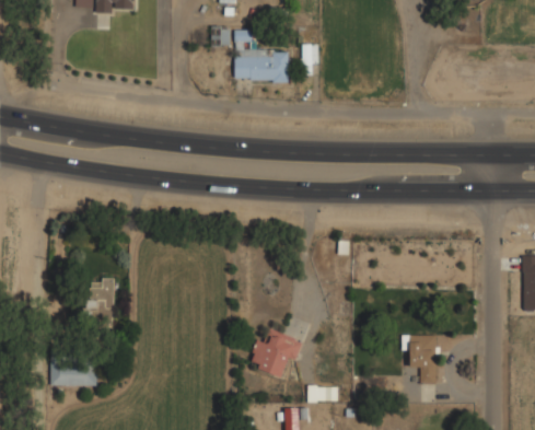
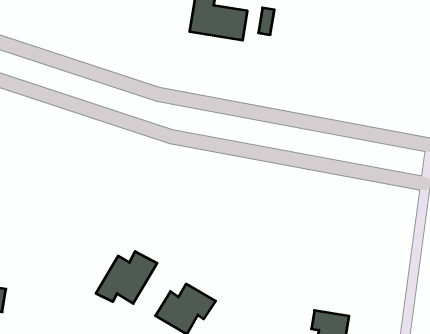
building: [88,279,115,318] -> none
building: none -> [96,251,157,304]

